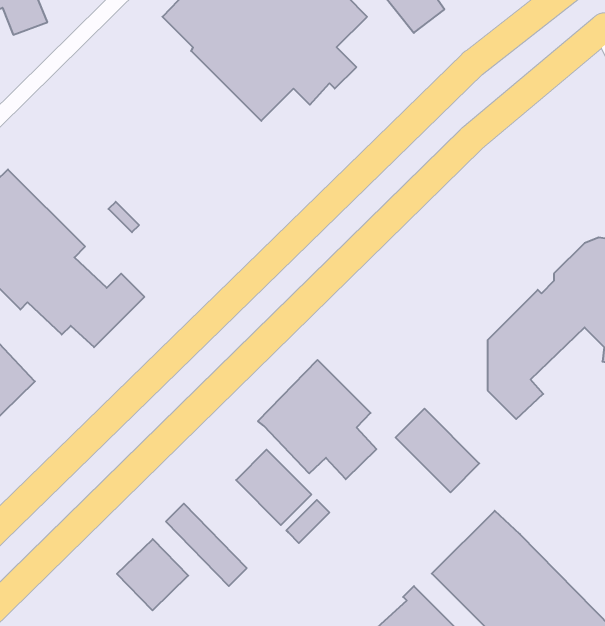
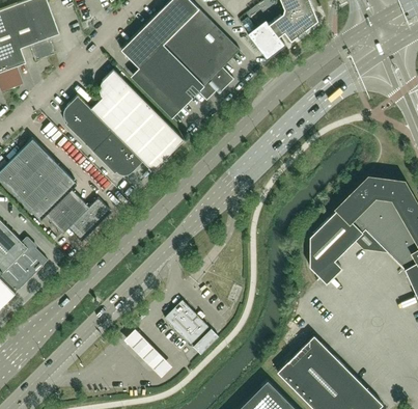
building: none -> [63,70,183,174]
building: [258,360,376,479] -> none
building: [396,409,479,492] -> none
building: [117,539,188,610] -> none

